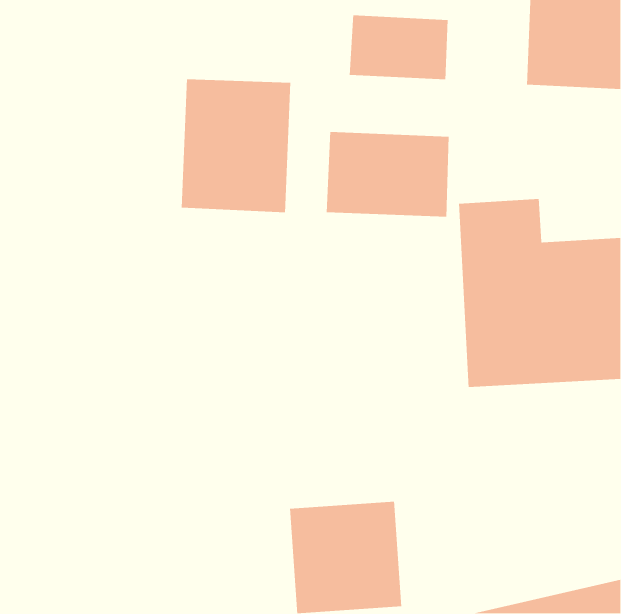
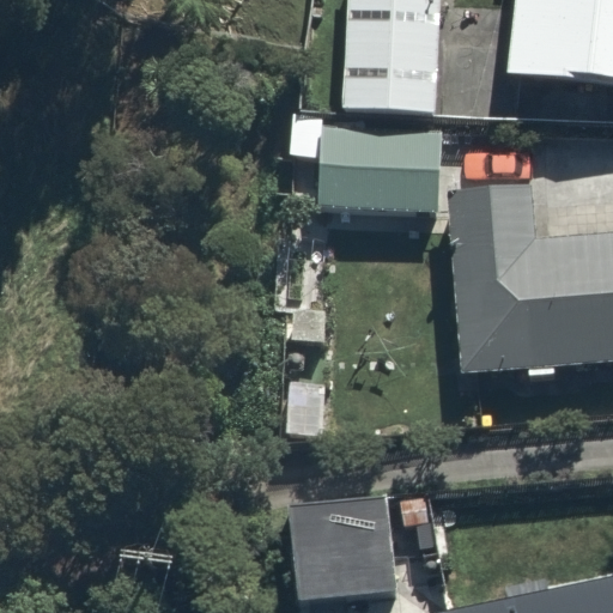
building: [181,78,291,213] -> none

